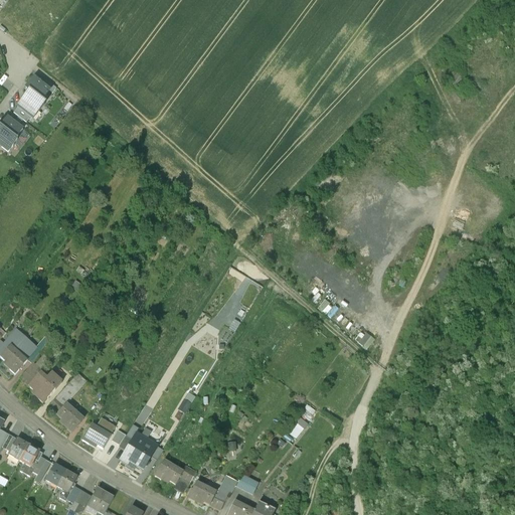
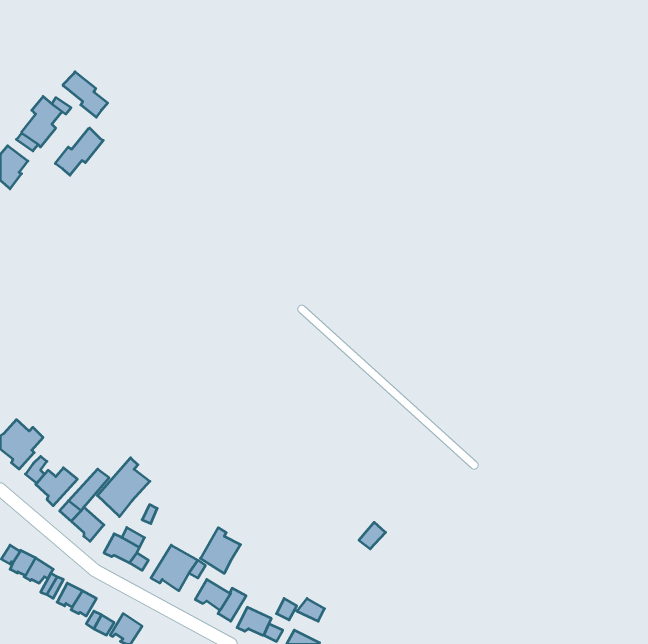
building: none -> [63,72,108,117]
building: none -> [55,128,103,175]
building: none -> [97,458,150,517]
building: none -> [200,528,241,573]

